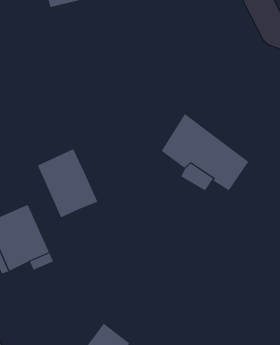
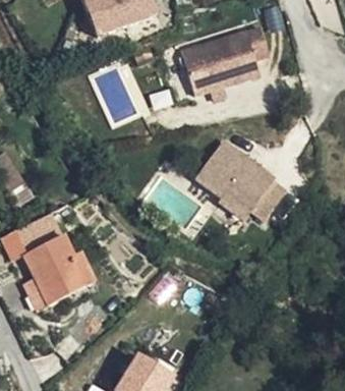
building: none -> [180,34,263,99]
building: [37,149,98,218] -> none

